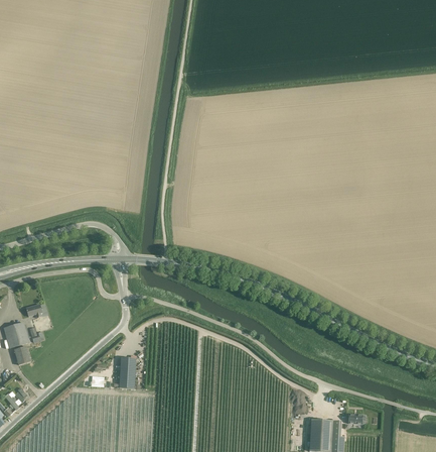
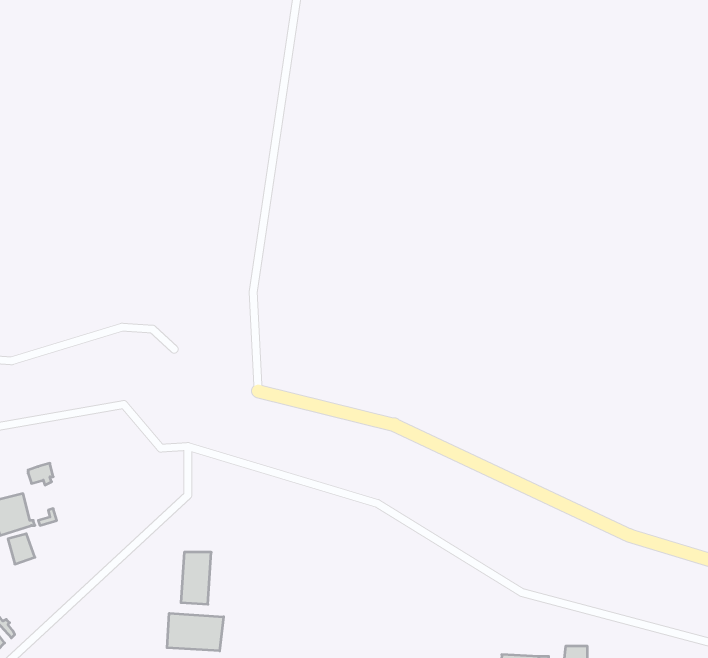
building: none -> [167,613,224,651]

